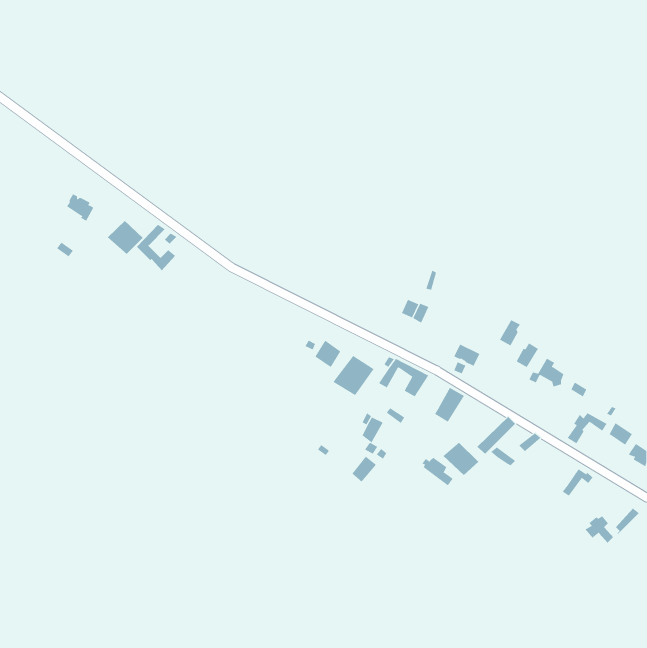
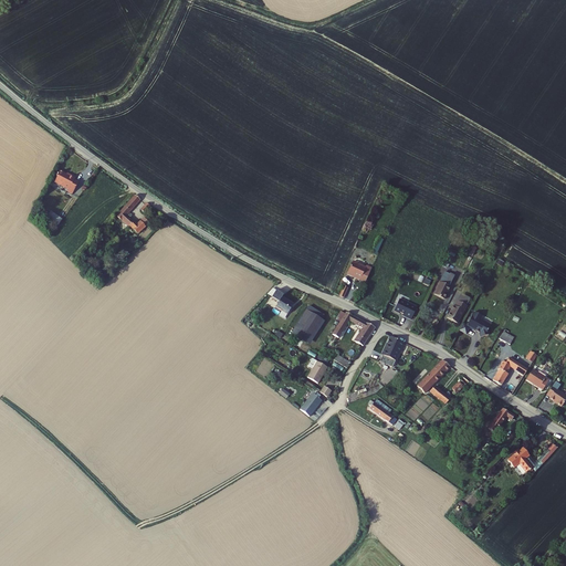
building: [107,220,144,255] -> none
building: [443,442,479,476] -> none

